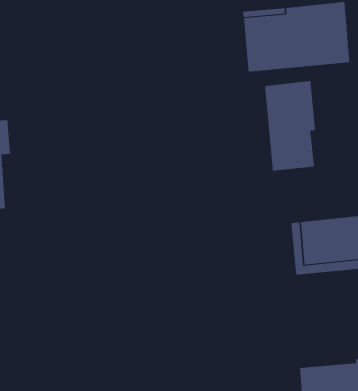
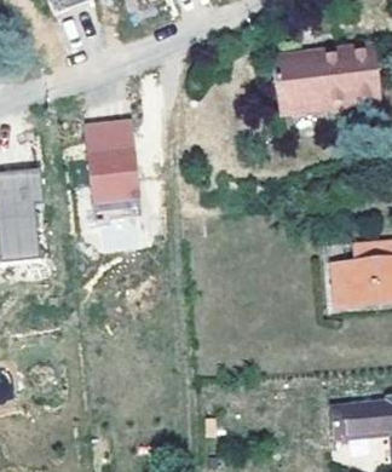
building: none -> [85,120,142,214]
building: [264,80,315,171] -> none

